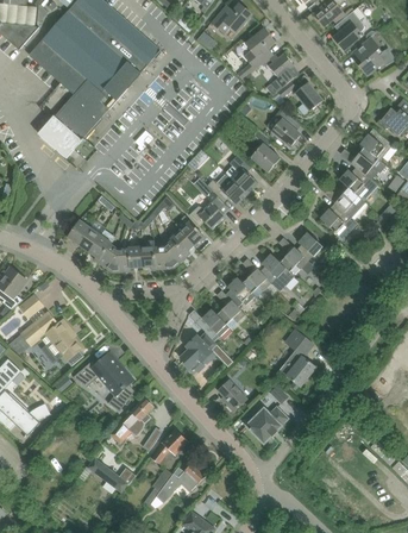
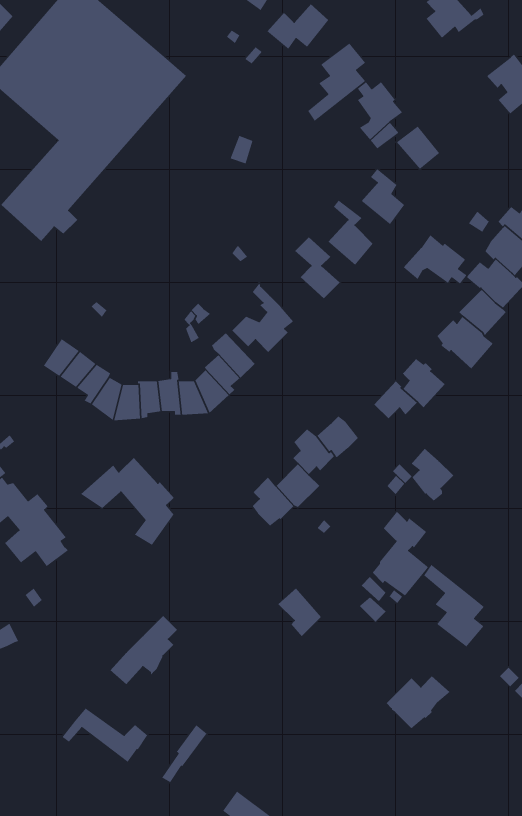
building: [332,11,364,50] -> none
building: none -> [403,234,467,284]
building: [207,173,247,205] -> none
building: [261,253,289,288] -> [410,448,454,501]
building: [180,332,215,368] -> none
building: [73,353,133,410] -> [80,457,174,546]
building: none -> [423,564,485,647]
building: [246,407,288,441] -> [386,676,450,729]
building: [151,428,187,465] -> none
building: [156,462,206,502] -> none

